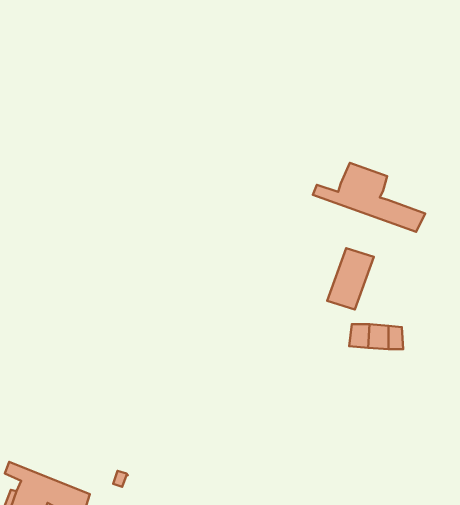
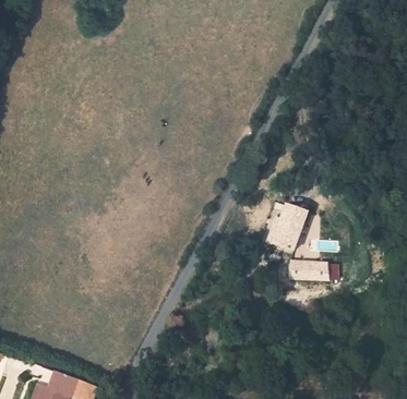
building: [313,163,425,232] -> none

